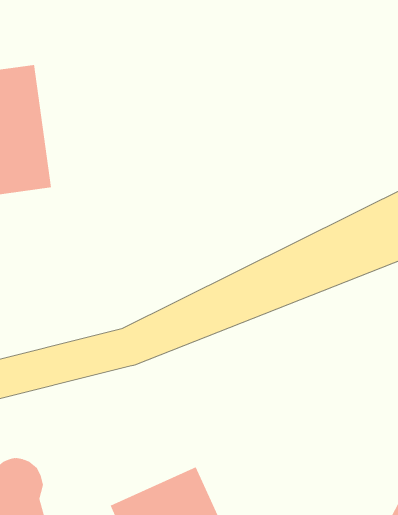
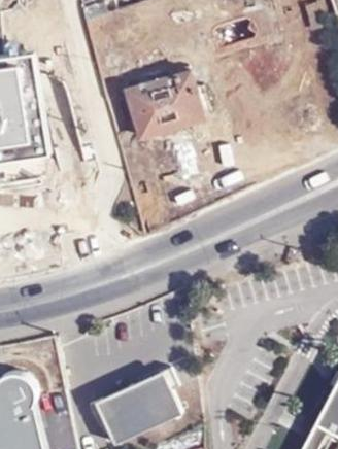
building: none -> [119,68,205,144]

